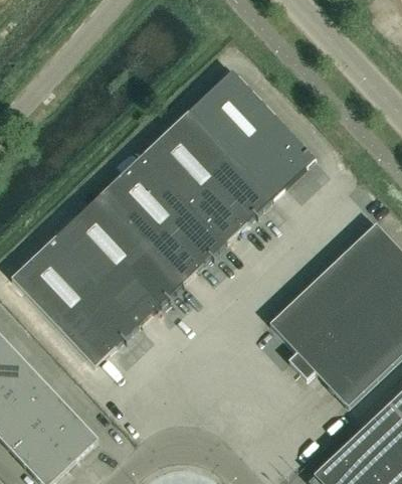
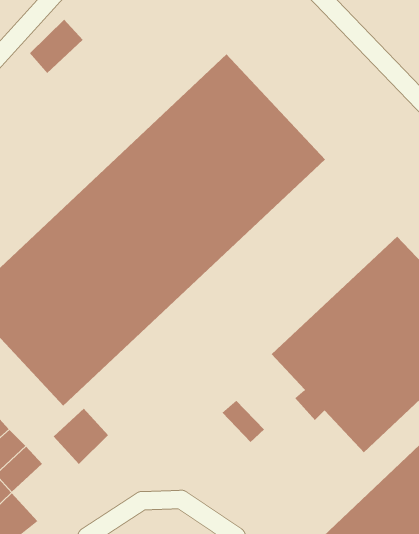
building: none -> [29,19,84,74]
building: none -> [222,400,265,443]
building: [51,415,98,463] -> [53,408,109,465]

